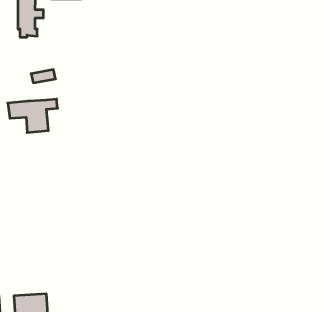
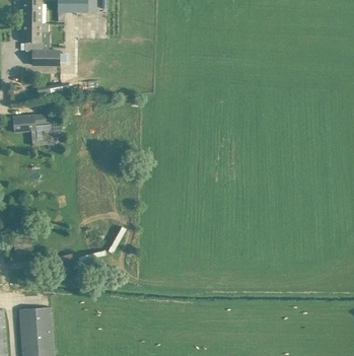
building: none -> [31,49,61,67]

